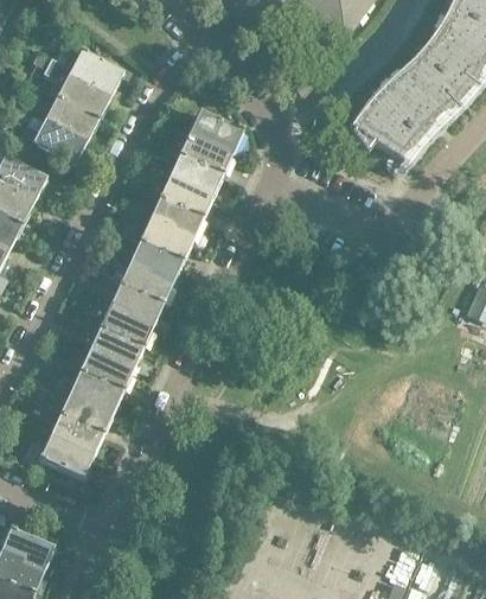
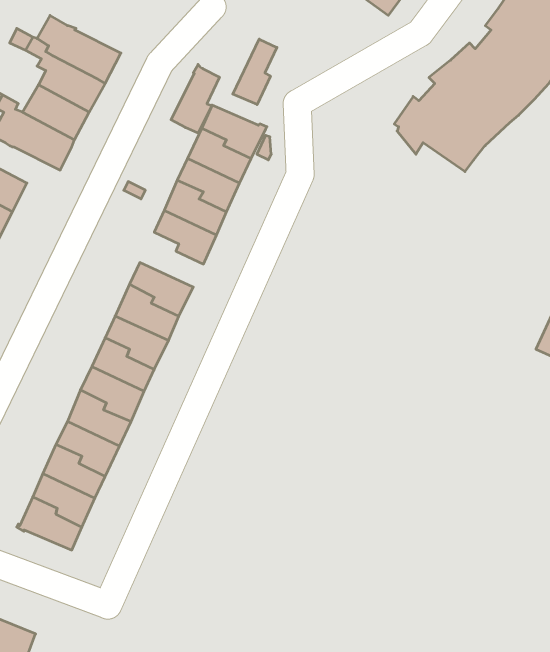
building: none -> [233,39,277,105]
building: none -> [171,64,219,133]
building: [139,217,191,262] -> none

